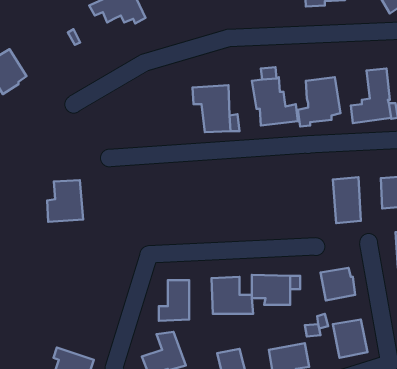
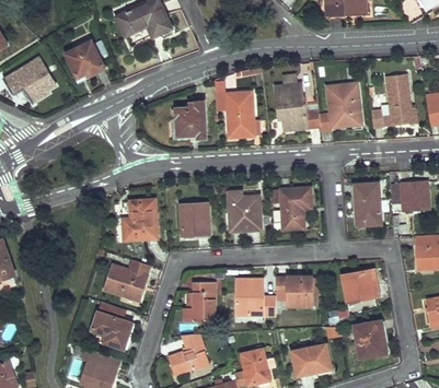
building: none -> [66,40,104,77]
building: none -> [174,101,207,140]
building: [47,180,83,222] -> [123,201,158,242]
building: none -> [272,189,312,231]
building: none -> [229,192,261,232]
building: none -> [180,204,209,236]
building: none -> [105,260,150,302]
building: none -> [92,302,130,350]

